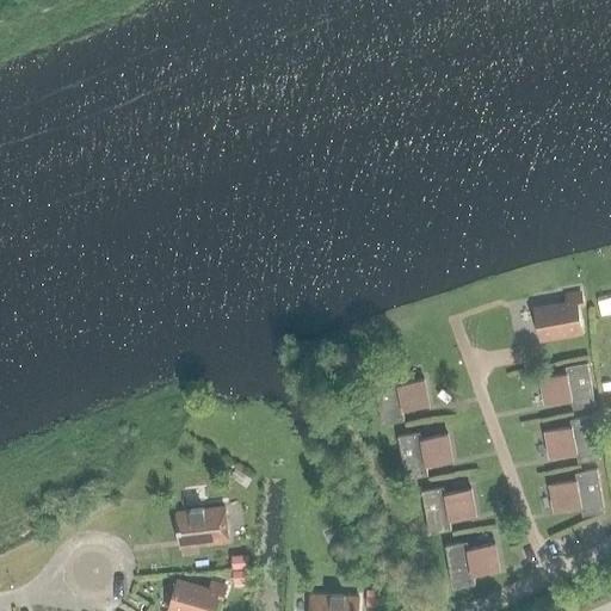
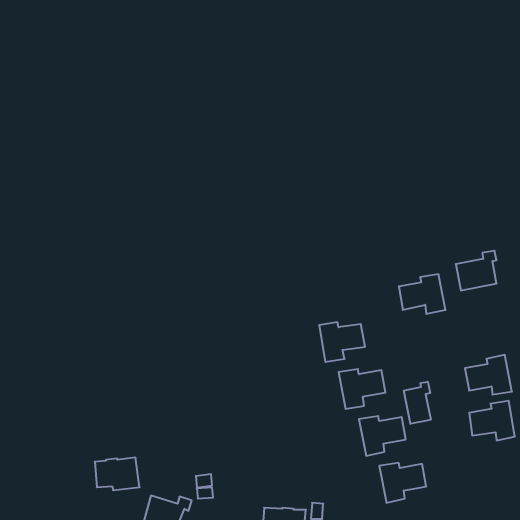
building: [539,364,594,411] -> [399,274,446,314]
building: none -> [404,382,431,424]
building: [175,508,228,547] -> [95,458,140,490]

